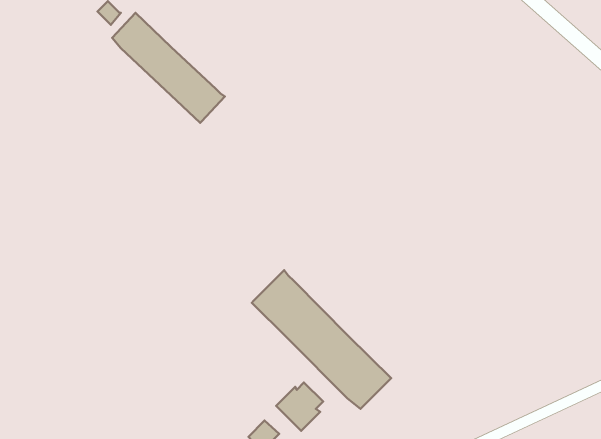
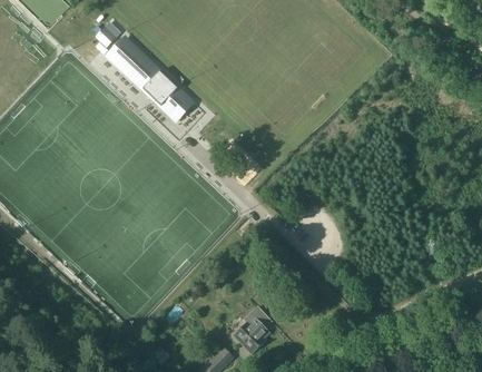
building: [252,270,391,409] -> none

